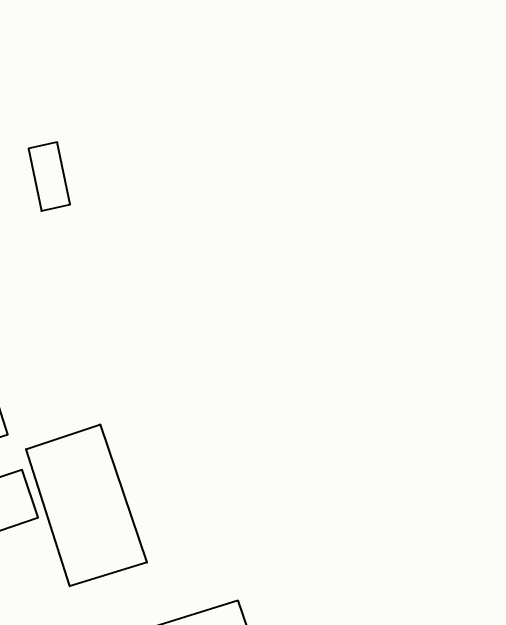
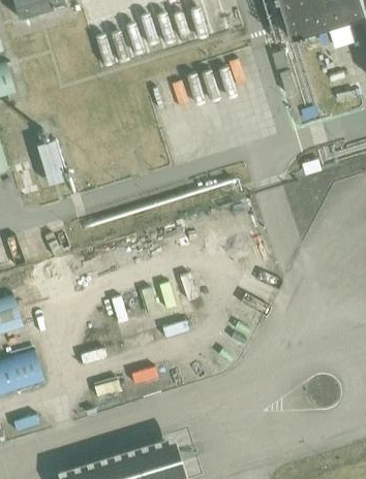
building: [26,424,147,586] -> none

